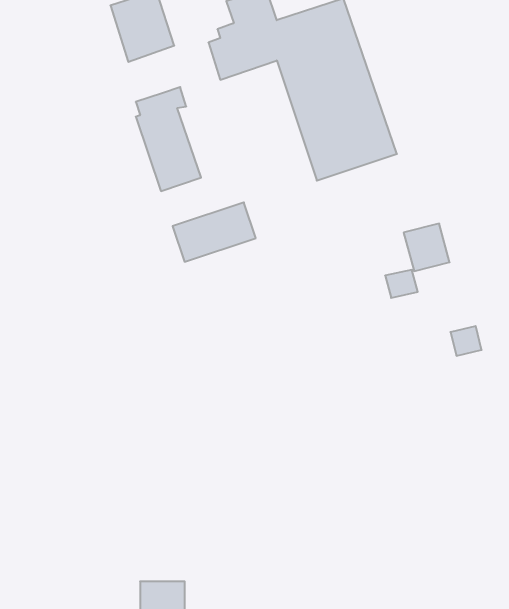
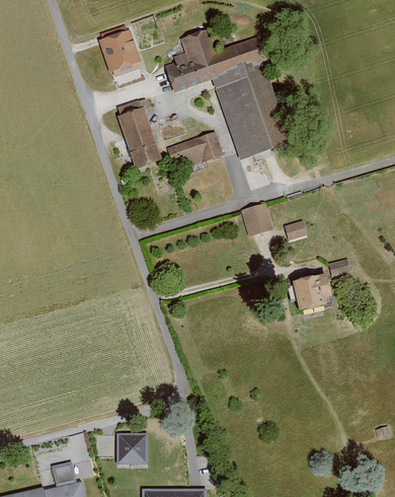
building: [173,202,256,262] -> [166,132,223,172]
building: [404,224,450,271] -> [241,203,272,235]
building: none -> [289,269,333,313]

